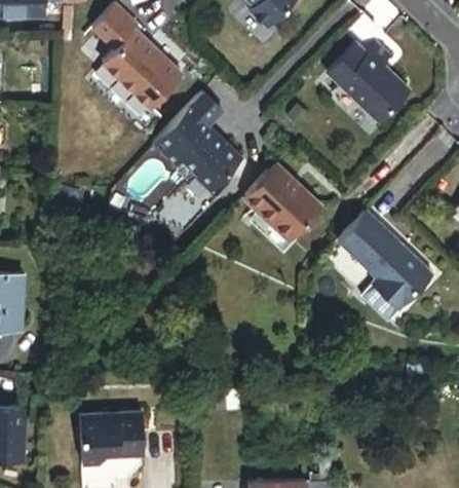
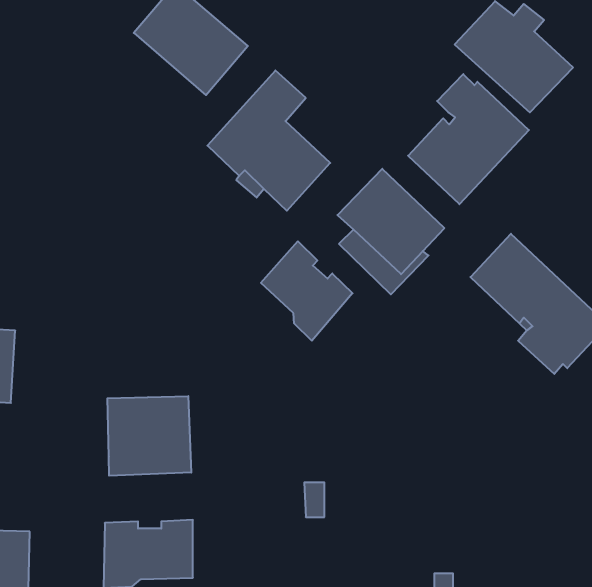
building: none -> [408,74,529,204]
building: none -> [261,241,353,341]
building: none -> [107,396,191,476]

